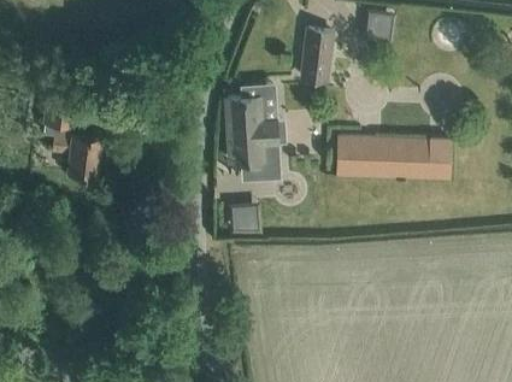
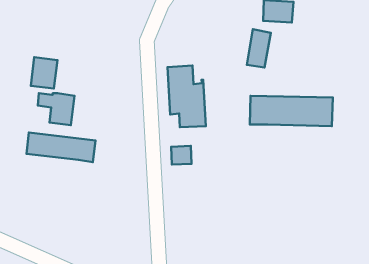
building: [301,28,334,80] -> [247,29,271,68]
building: none -> [26,132,95,162]

